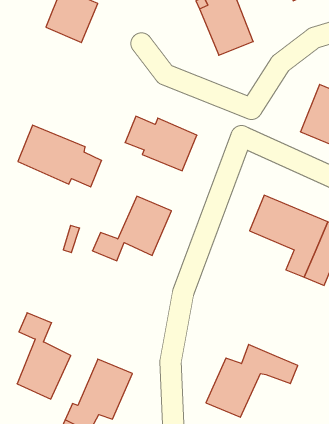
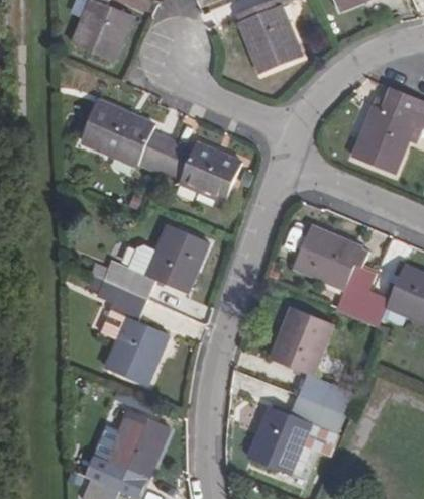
building: [18,125,102,187] -> [77,100,170,169]
building: none -> [271,310,357,416]
building: [17,313,71,399] -> [110,289,170,385]

